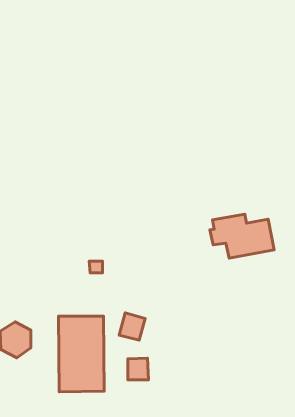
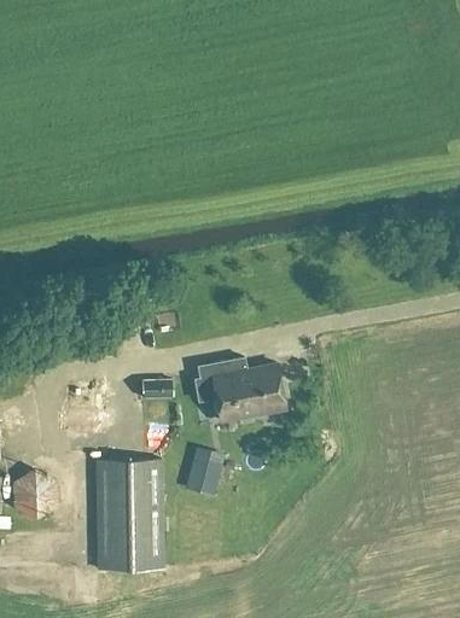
building: [210,214,274,258] -> [193,357,286,421]
building: [128,358,148,380] -> none

